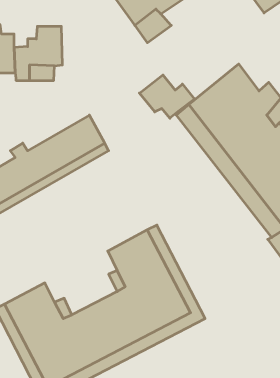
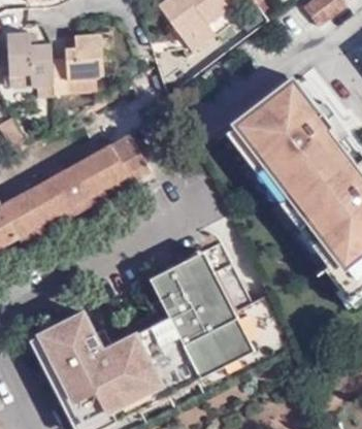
building: [139,75,195,118] -> none

